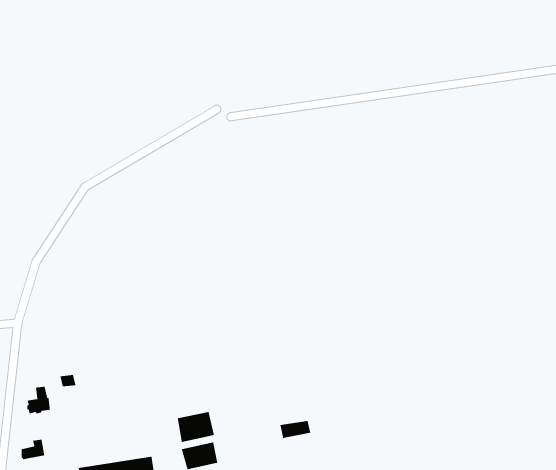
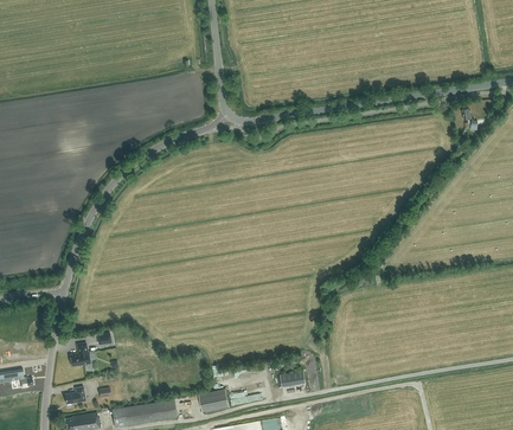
building: [177,411,215,443] -> none

